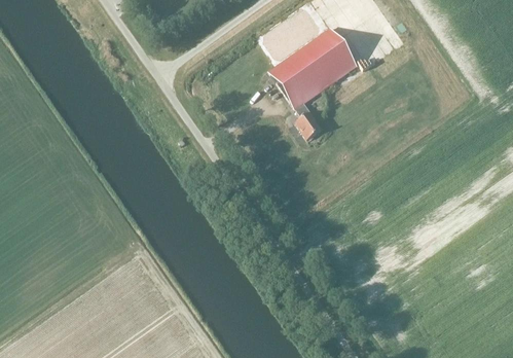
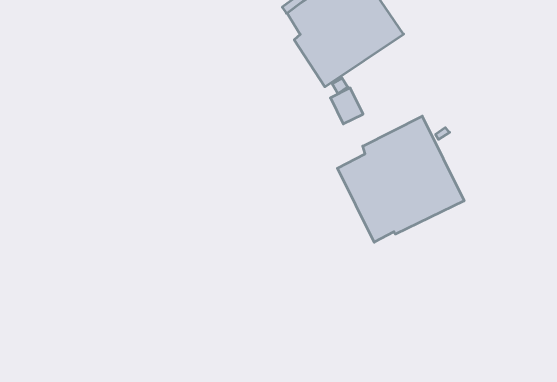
building: none -> [337,116,464,242]

